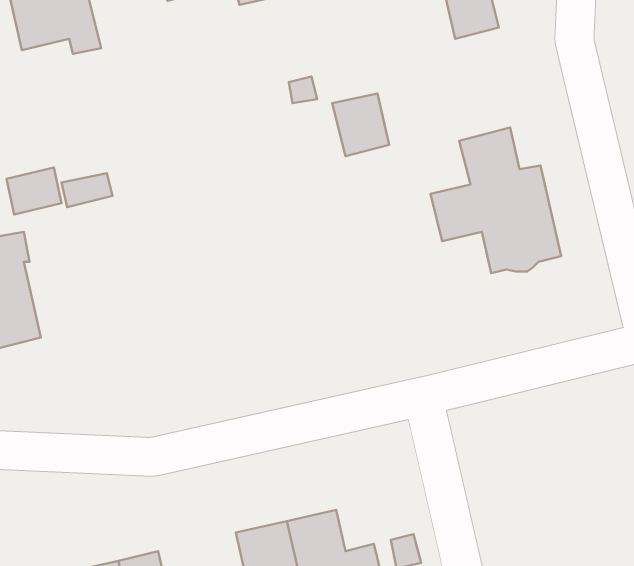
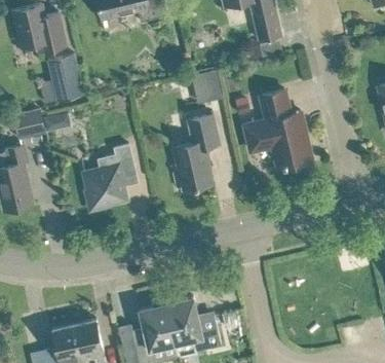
building: none -> [46,52,84,101]
building: none -> [170,114,219,189]
building: none -> [82,144,134,212]

